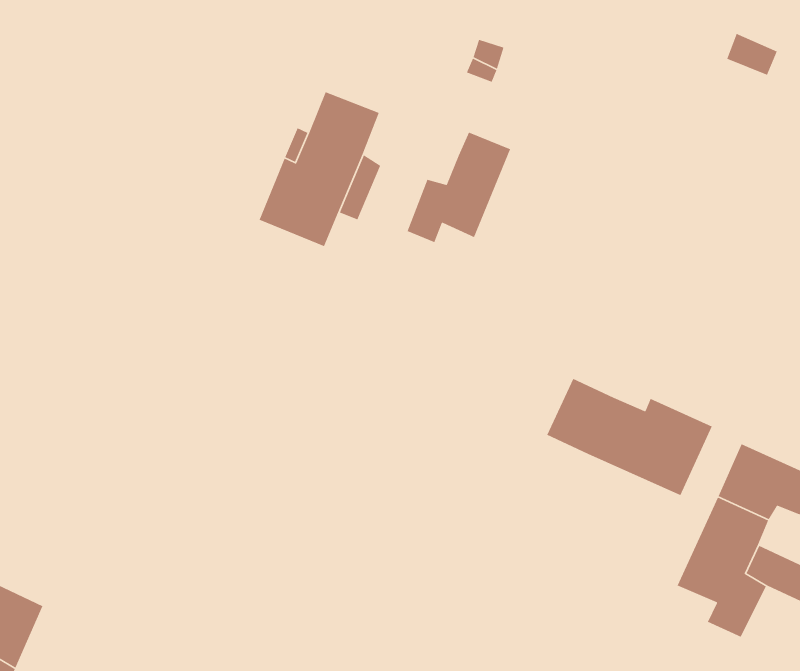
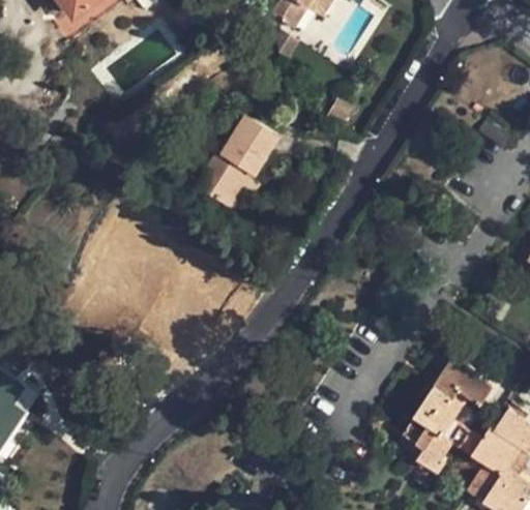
building: [406,132,511,243] -> none
building: [546,378,713,496] -> none

